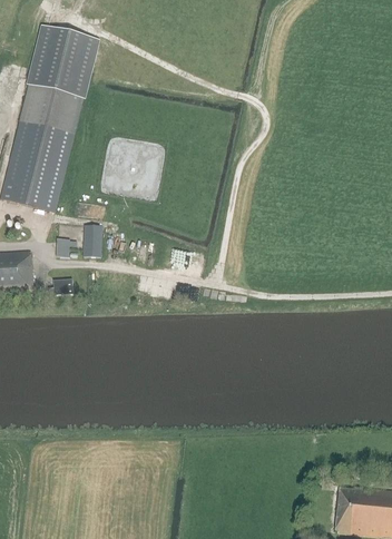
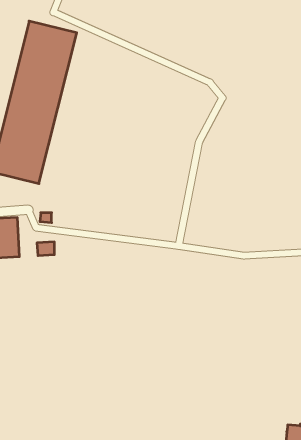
building: [82,225,102,256] -> none

